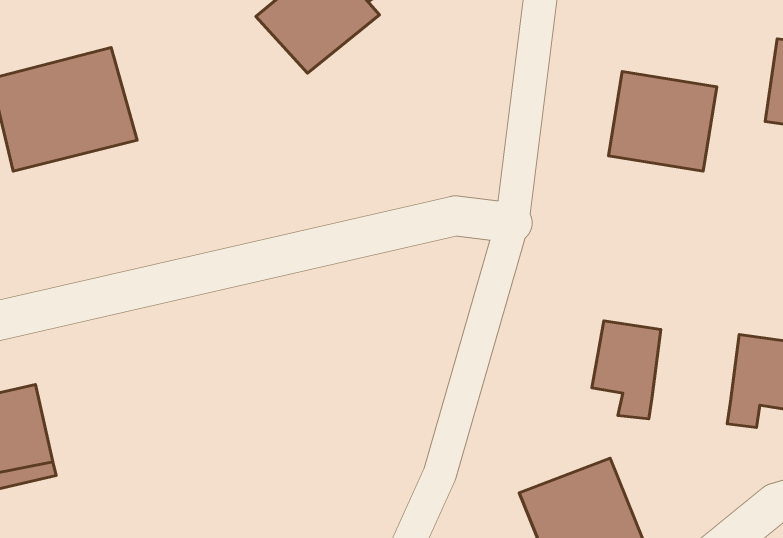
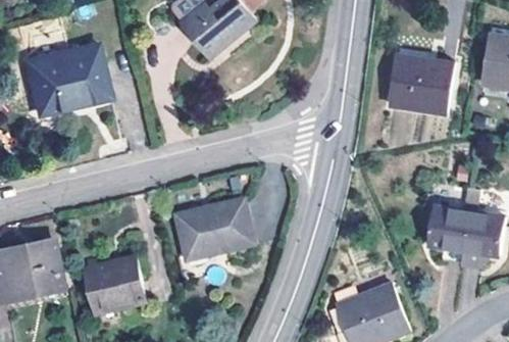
building: none -> [174,197,256,260]
building: [592,321,661,419] -> [427,205,468,263]
building: none -> [86,255,144,310]

